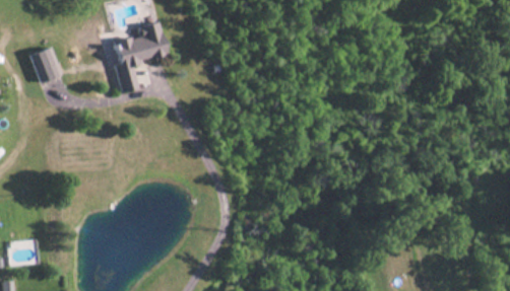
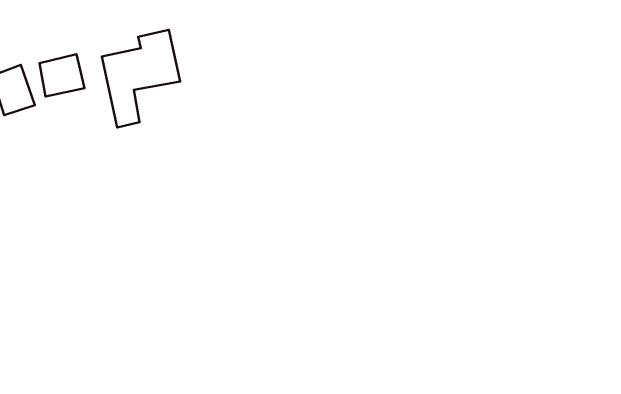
building: none -> [39,54,84,96]

